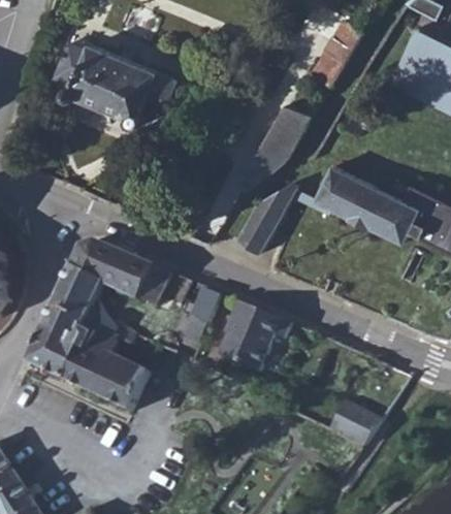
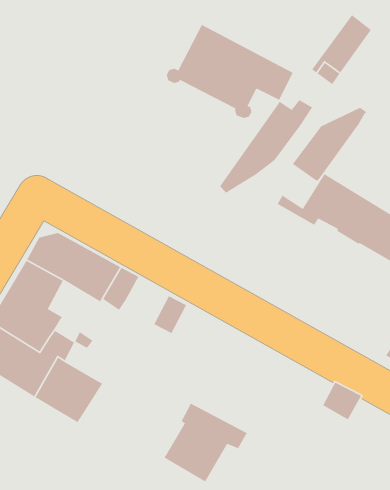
building: [61,43,176,126] -> [166,24,294,119]
building: [234,182,298,253] -> [292,107,368,181]
building: [218,302,292,374] -> [163,402,248,482]
building: [329,401,381,447] -> none

